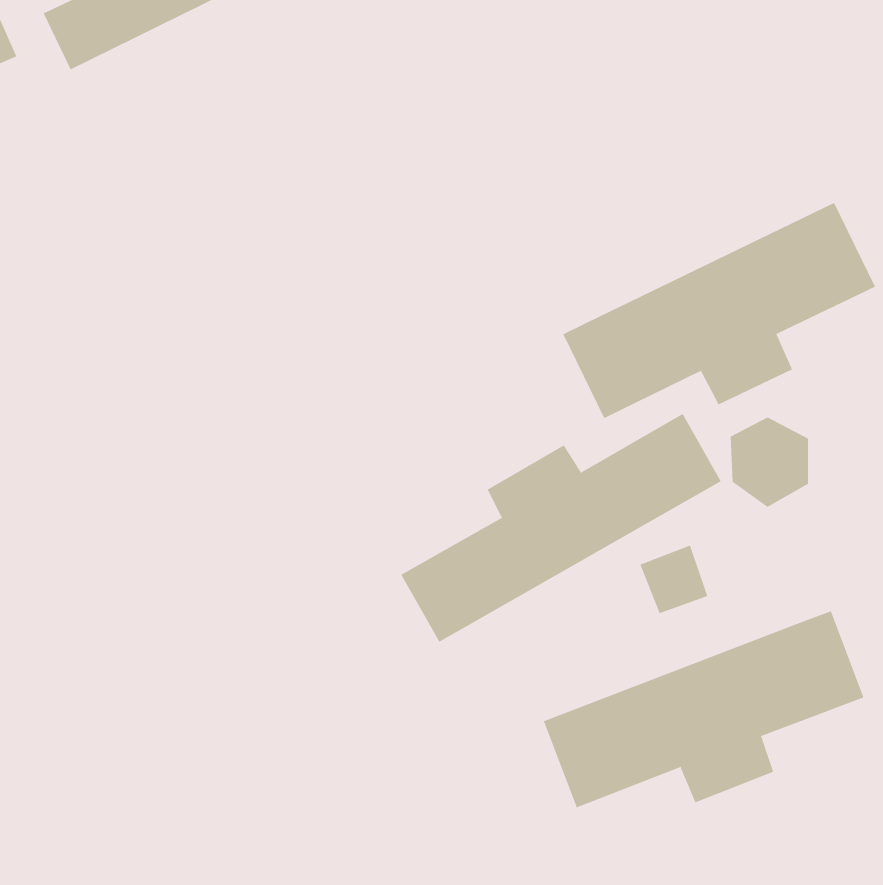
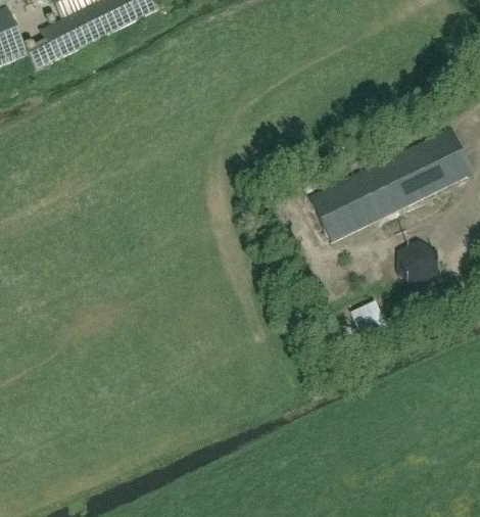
building: [401,413,722,643] -> none
building: [543,610,864,808] -> none

